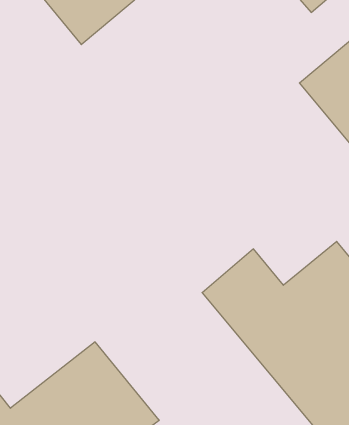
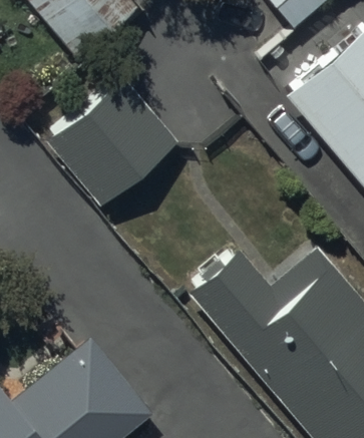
building: none -> [46,77,178,207]

